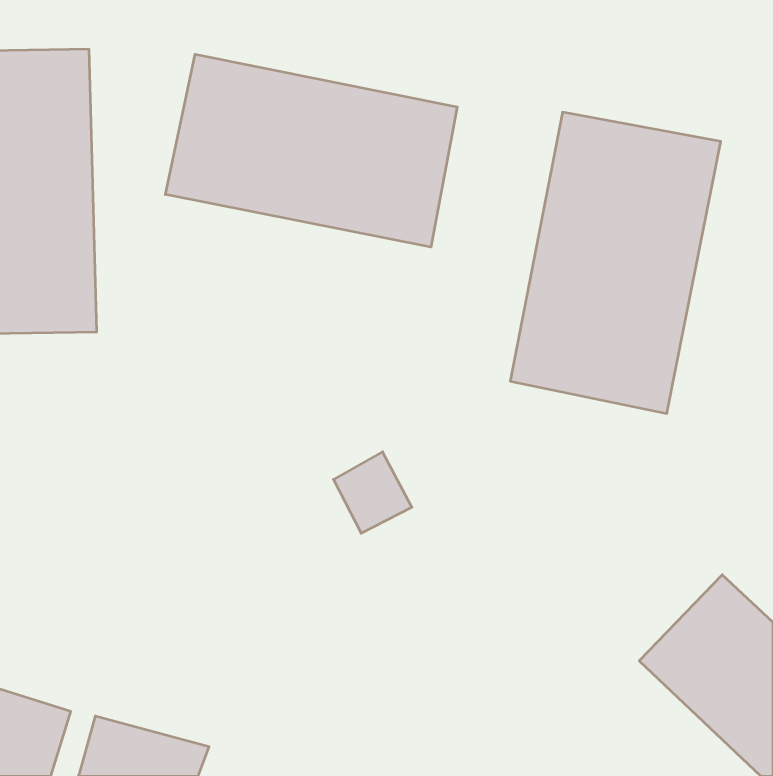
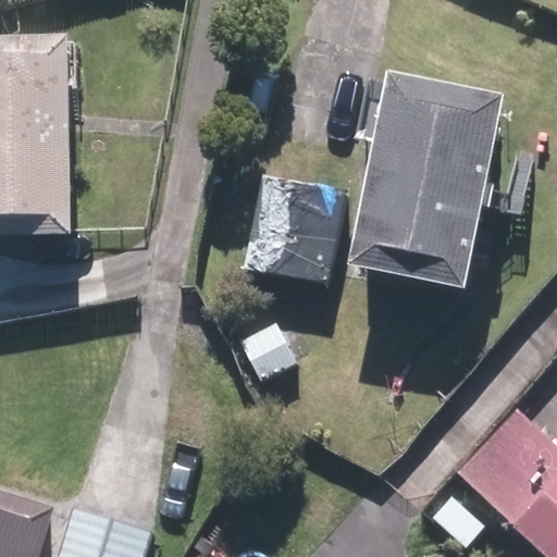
building: [165,54,457,247] -> none
building: none -> [249,177,344,284]

